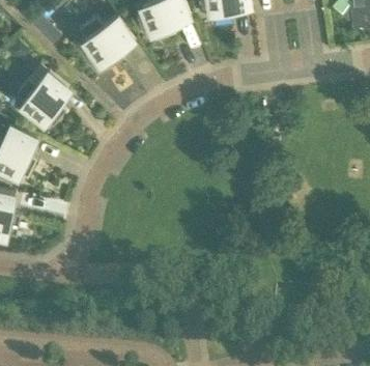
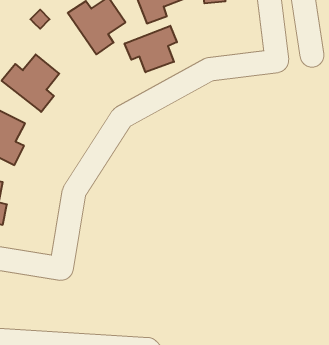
building: none -> [125,26,177,72]

